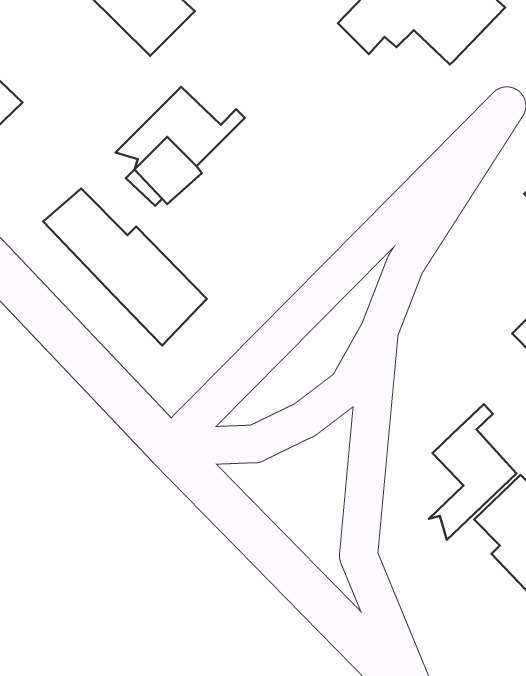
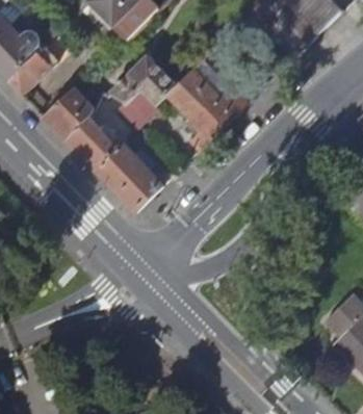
building: none -> [167,67,248,147]
building: none -> [43,84,89,136]
building: [429,404,517,540] -> none

